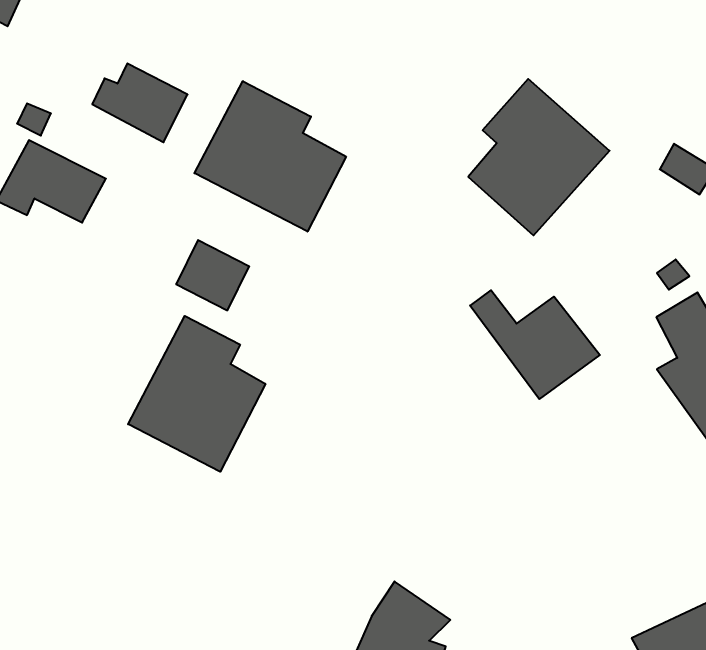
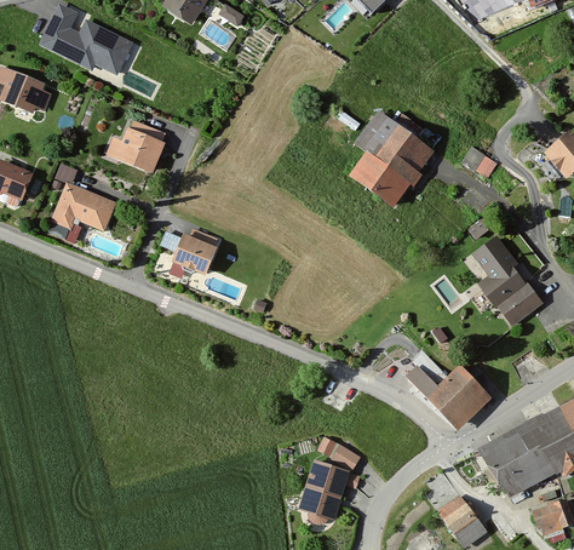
building: [194,81,346,232] -> none
building: [470,290,600,399] -> [404,365,489,430]
building: [128,316,265,472] -> none

